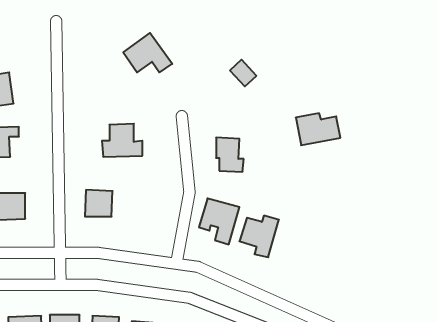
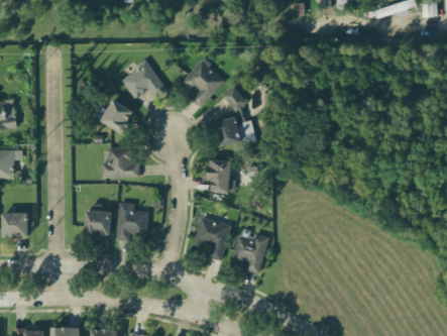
building: none -> [183,60,225,108]
building: none -> [101,100,135,134]
building: [296,113,340,145] -> [213,118,255,148]
building: none -> [117,203,147,241]

